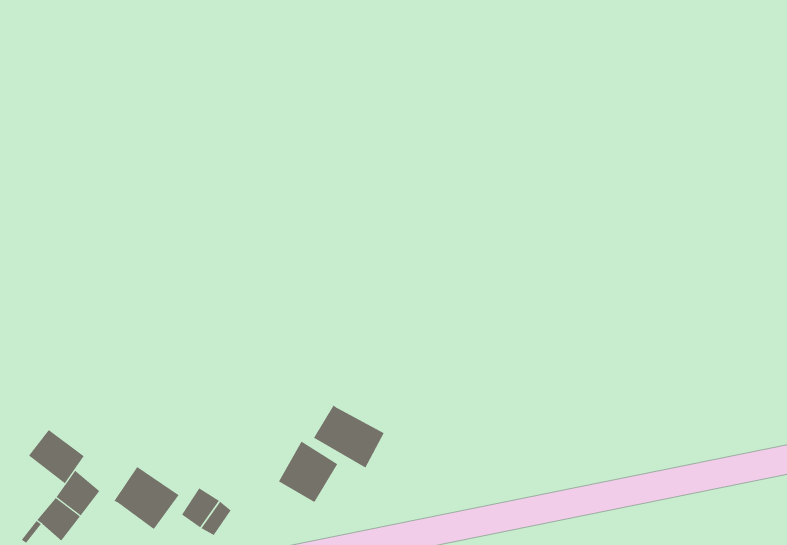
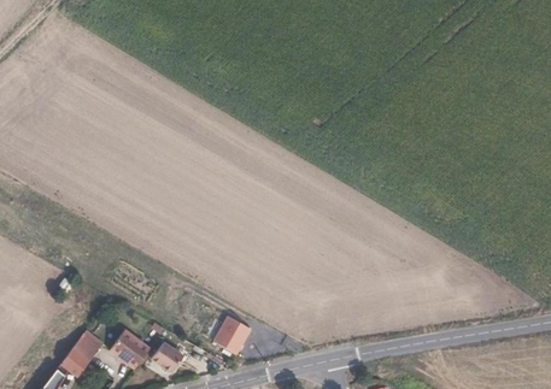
building: [313,405,384,468] -> none
building: [28,429,84,484] -> none

